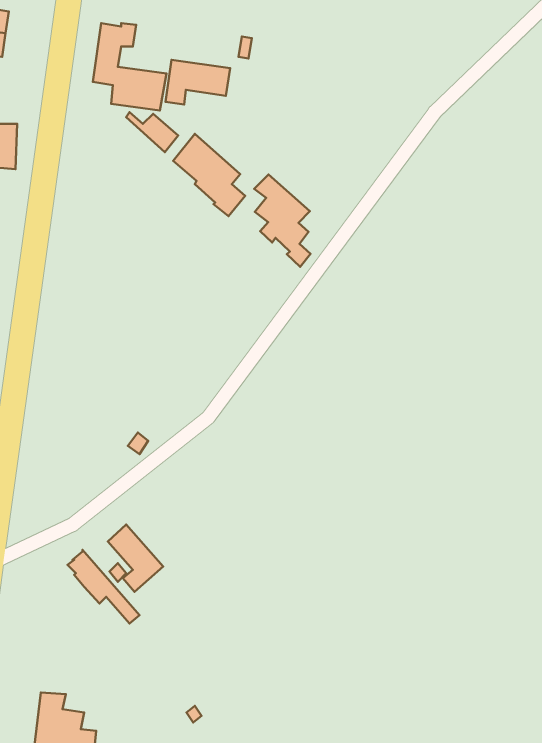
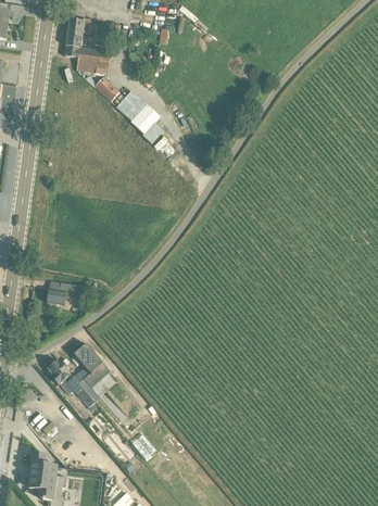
building: [166,60,230,105] -> none
building: [254,174,311,267] -> none
building: none -> [47,281,81,304]

